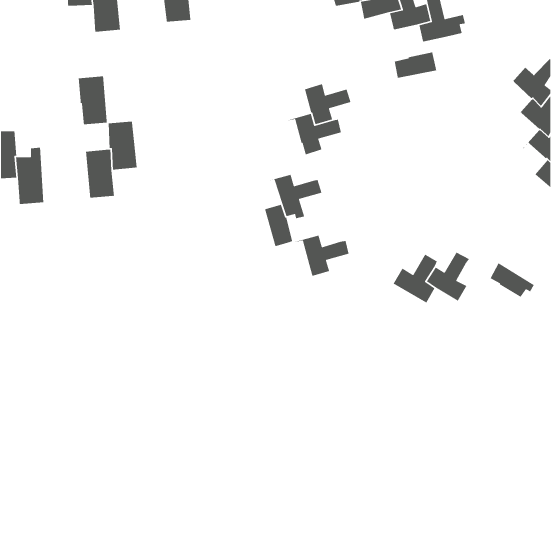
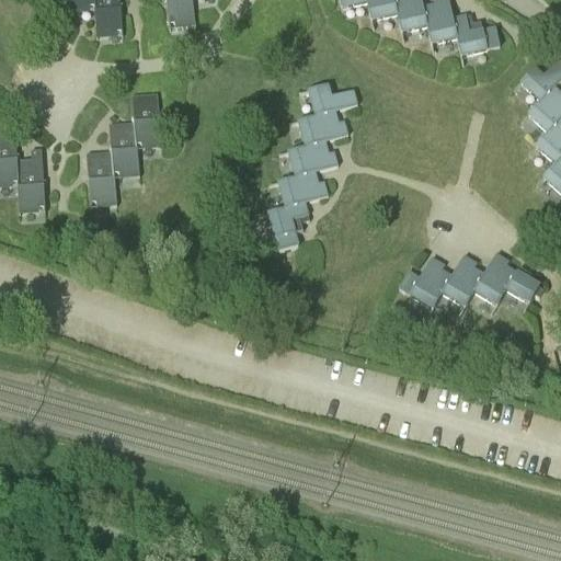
building: [394,51,437,89] -> [456,27,500,66]
building: [78,76,108,130] -> [131,93,162,148]
building: [291,235,349,277] -> [278,146,337,188]
building: none -> [465,253,510,313]

